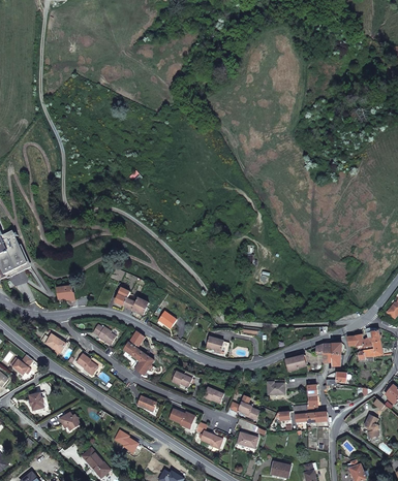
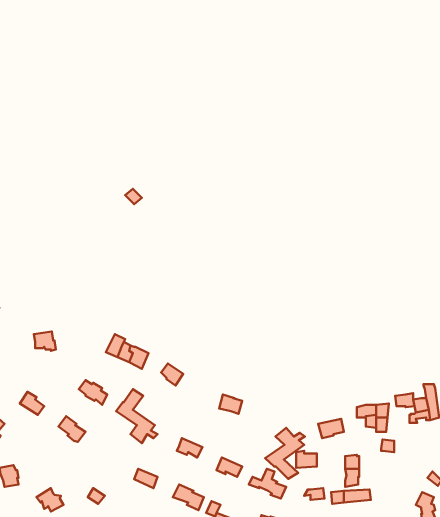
building: none -> [265,428,305,479]

